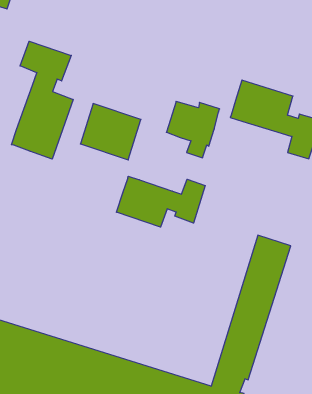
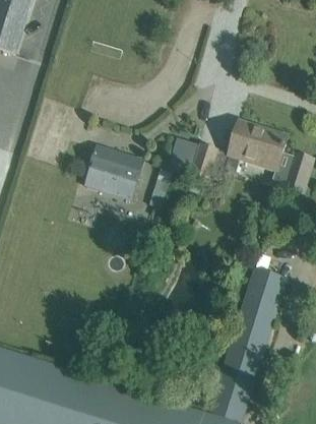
building: [11,41,73,159] -> none
building: [116,176,205,227] -> none

